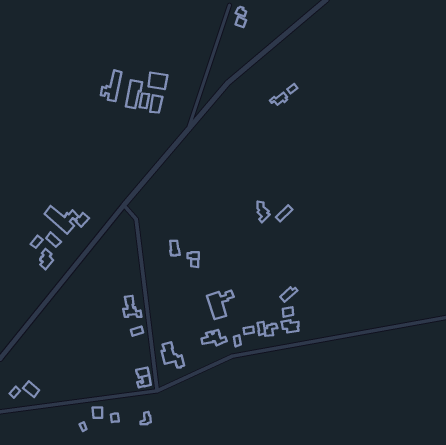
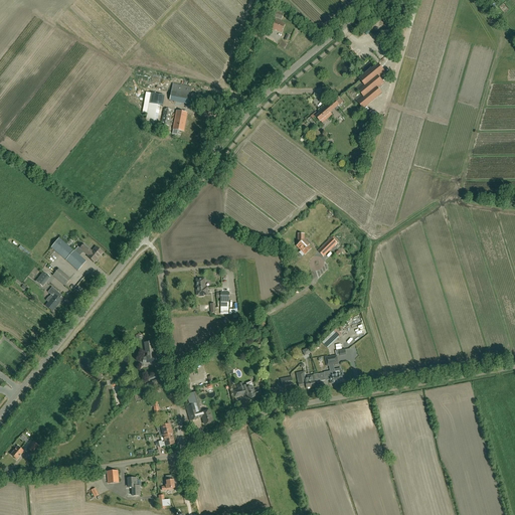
building: none -> [354,63,385,109]
building: [101,70,121,101] -> none
building: [207,290,234,319] -> none

